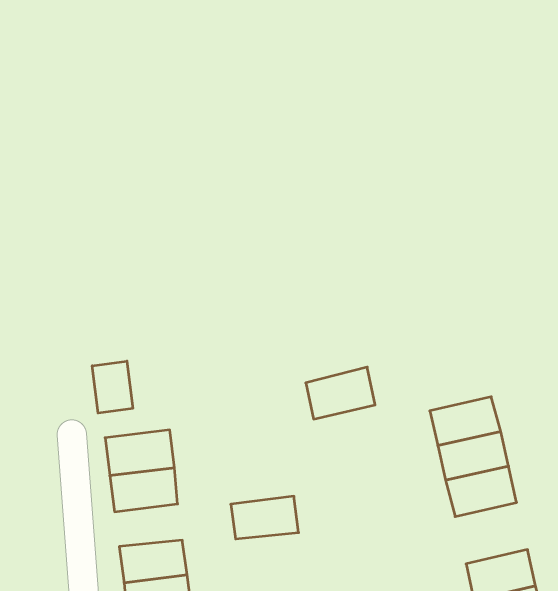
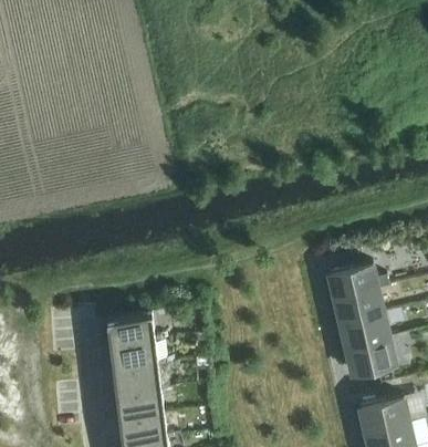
building: [92,361,133,413] -> none
building: [306,367,375,419] -> [330,263,378,300]
building: [231,496,299,539] -> [114,365,161,395]

